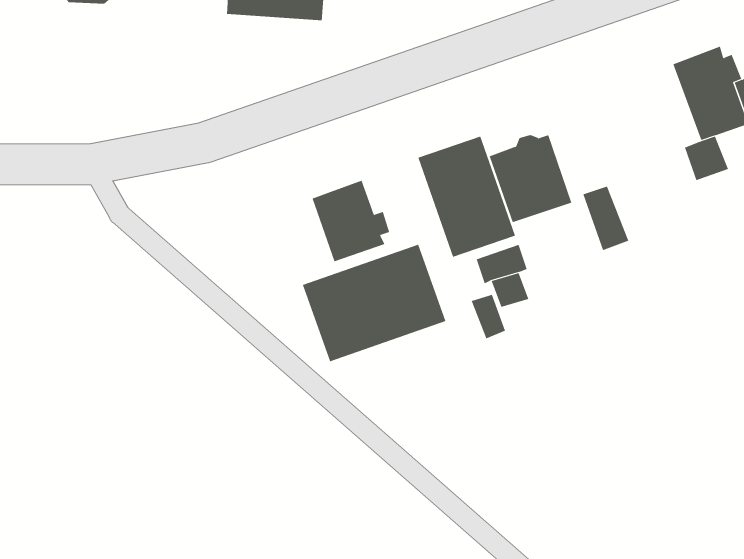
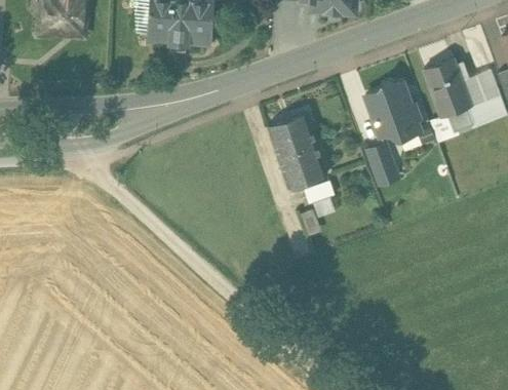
building: [489,135,572,223] -> [365,82,417,136]
building: [312,180,390,262] -> none
building: [302,244,446,362] -> none

